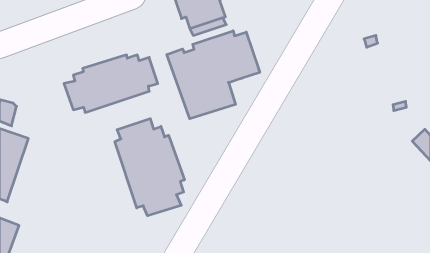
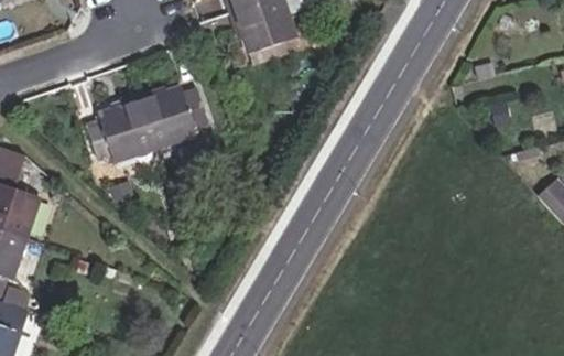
building: [167,31,260,119] -> none
building: [115,119,184,216] -> none

